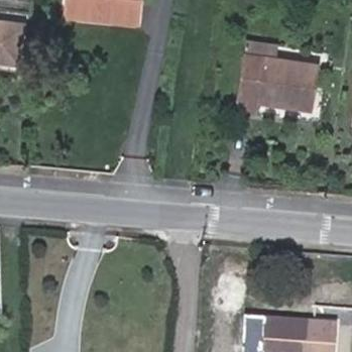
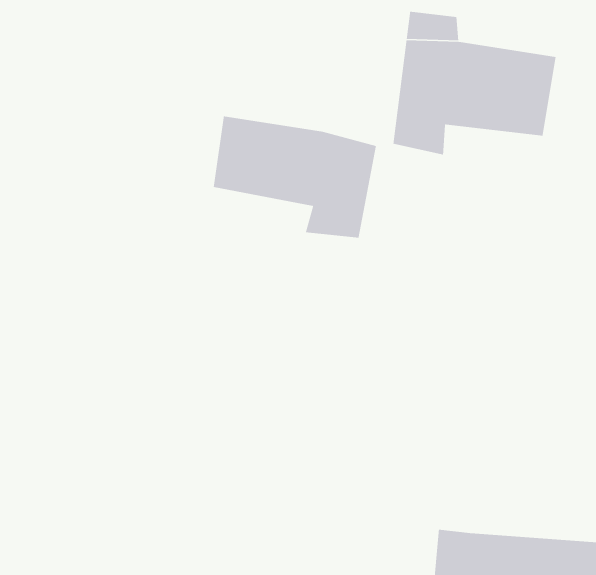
building: none -> [213,116,377,238]

